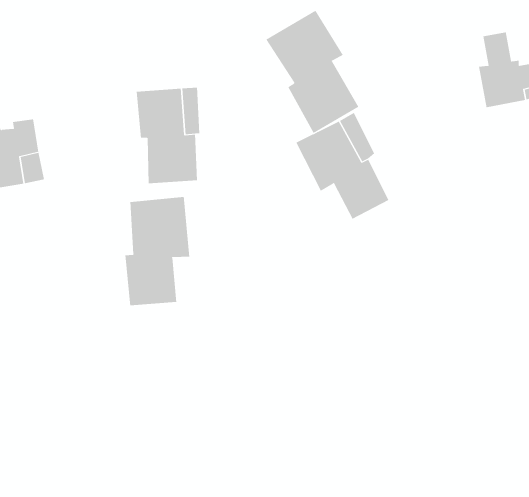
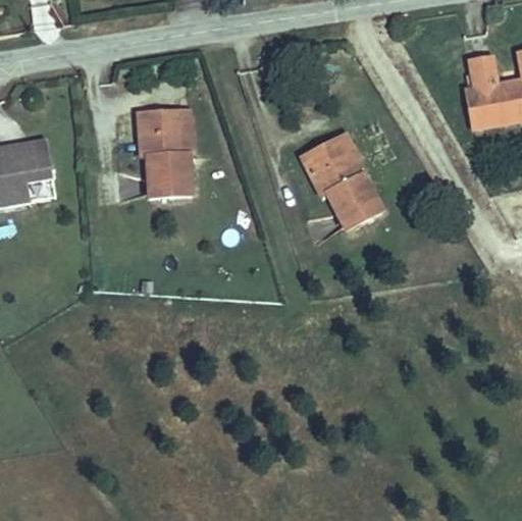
building: [266,10,359,134] -> none
building: [125,196,190,306] -> none

